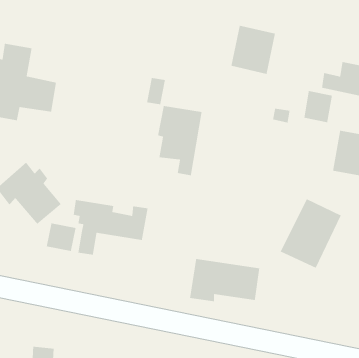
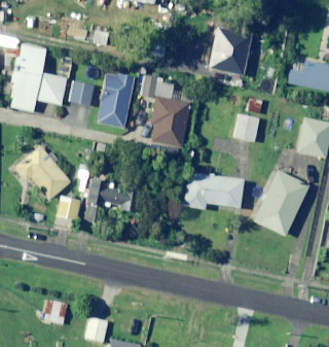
building: none -> [98,68,136,129]
building: none -> [71,81,95,105]
building: [303,90,333,123] -> [235,114,260,142]
building: [189,258,260,302] -> [185,172,245,209]

